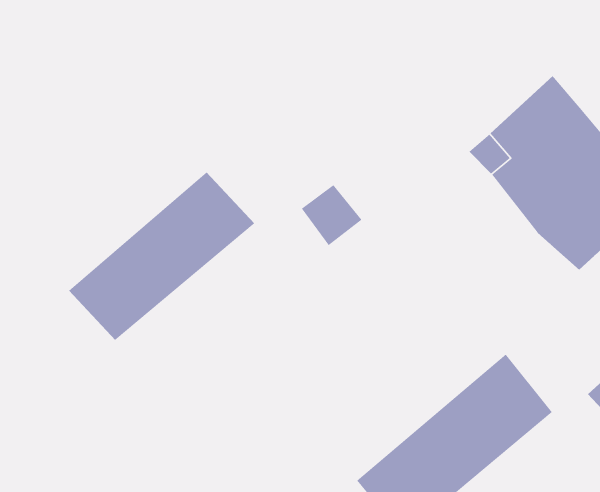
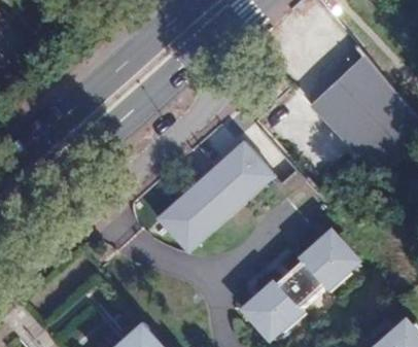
building: [68,171,255,341] -> [156,144,275,251]

